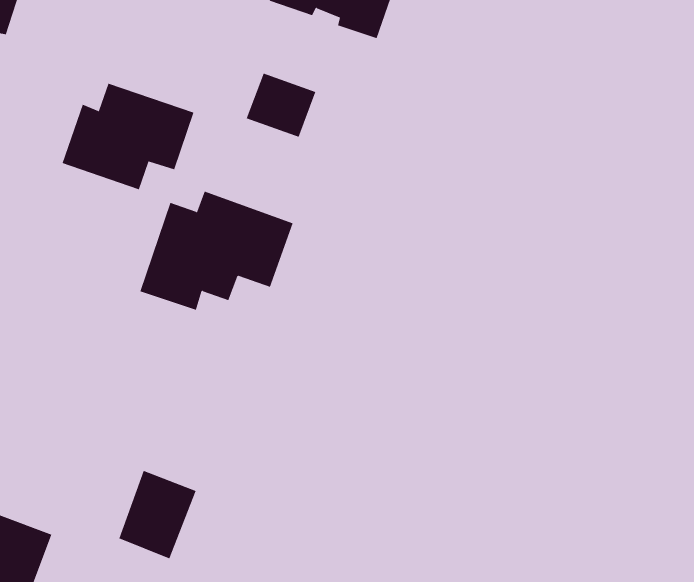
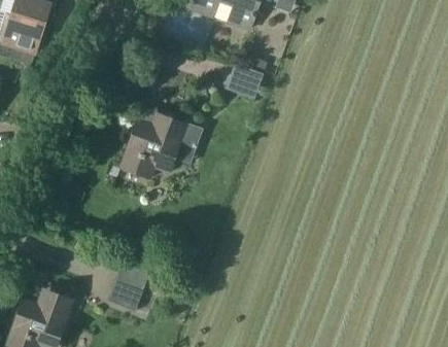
building: [246,73,316,138] -> [226,63,264,98]
building: [62,83,194,190] -> none

